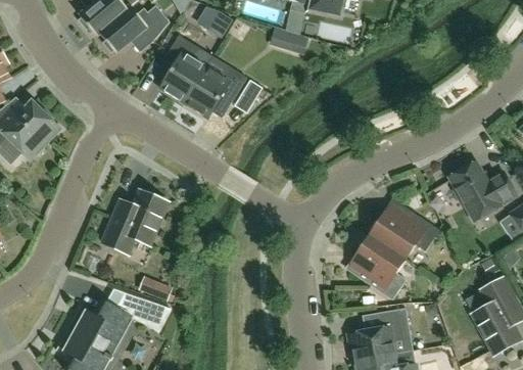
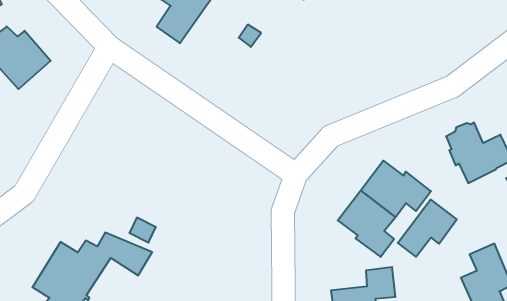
building: [184,64,247,117] -> none
building: [102,189,168,252] -> none
building: none -> [398,199,457,257]

